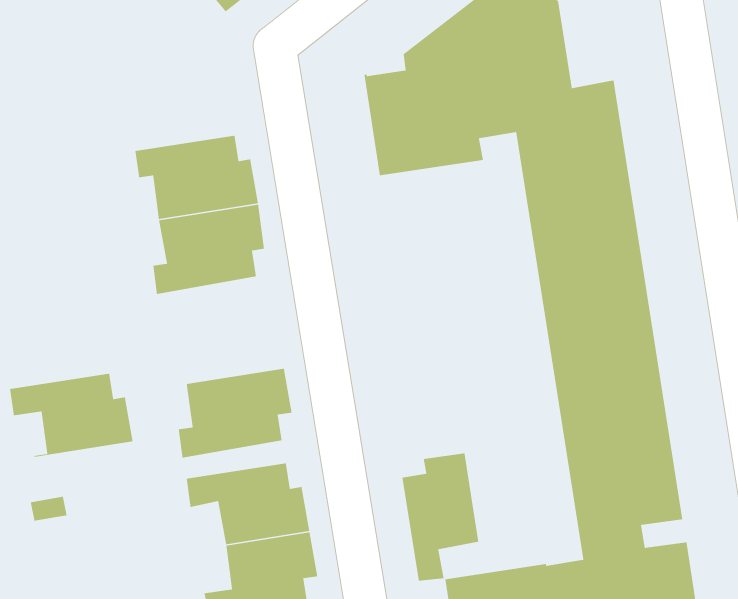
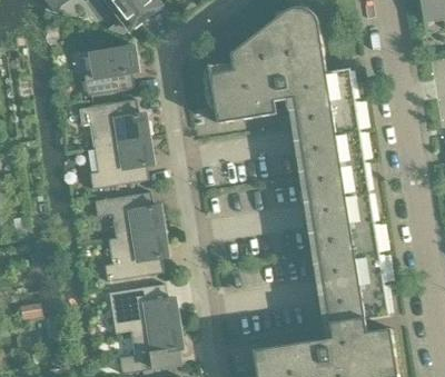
building: none -> [82,44,138,95]
building: [9,373,133,458] -> [93,191,164,239]
building: [402,453,479,581] -> none

